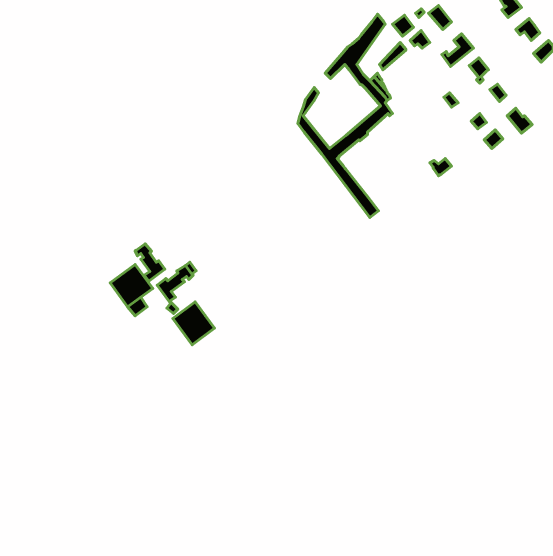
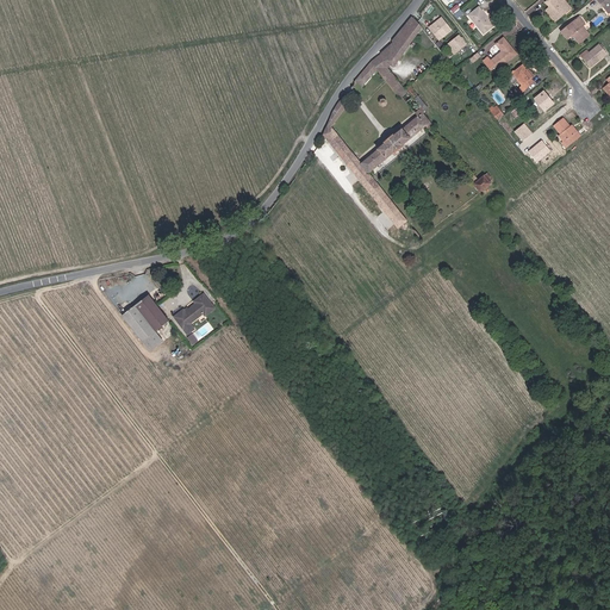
building: [135,244,165,281] -> none
building: [173,302,215,345] -> none

